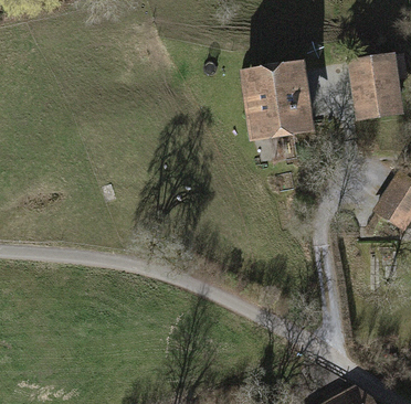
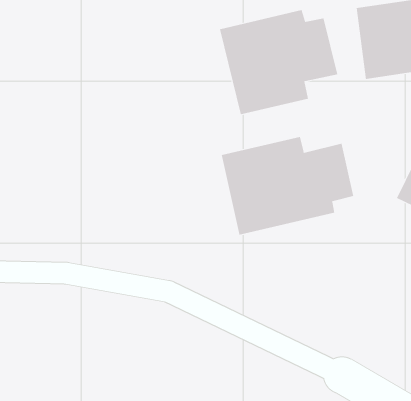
building: none -> [221,136,354,236]

